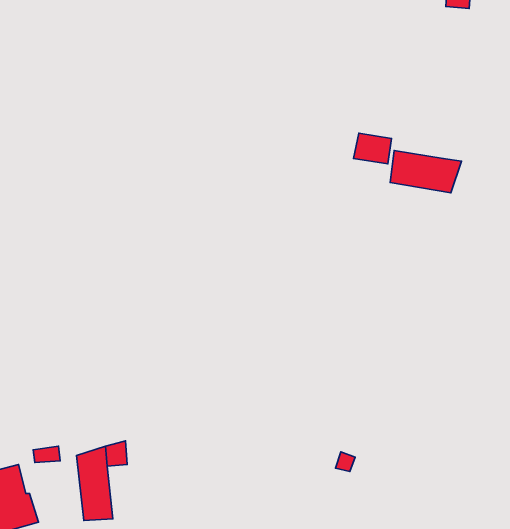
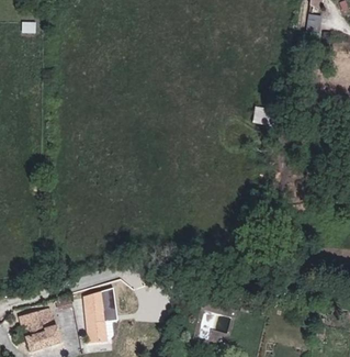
building: [390,150,462,193] -> none

